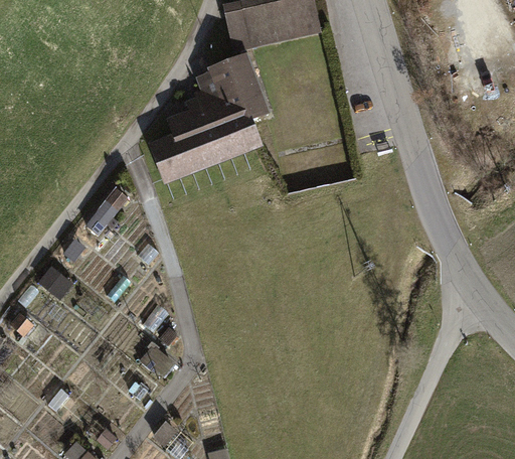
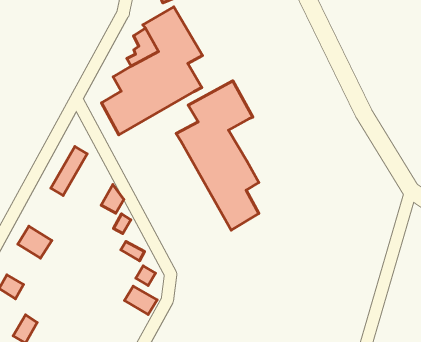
building: none -> [176,81,259,230]

